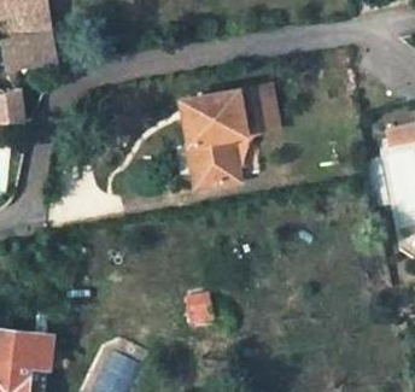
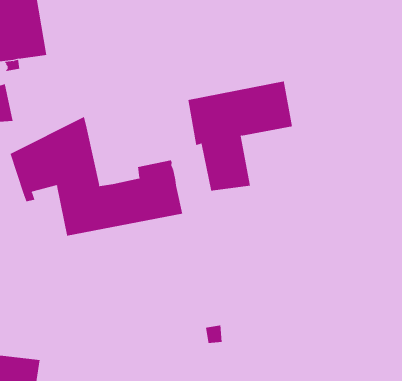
building: none -> [10,116,183,237]

